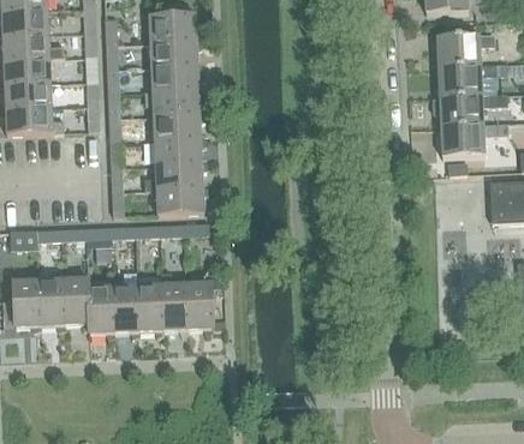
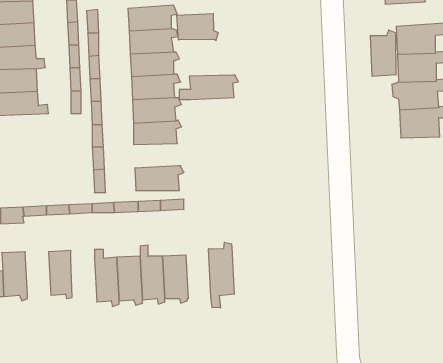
building: none -> [177,14,218,41]
building: none -> [371,30,396,76]
building: [144,163,208,190] -> [179,75,238,100]
building: none -> [209,242,234,308]
building: [88,277,115,340] -> none
building: [38,280,66,331] -> none

